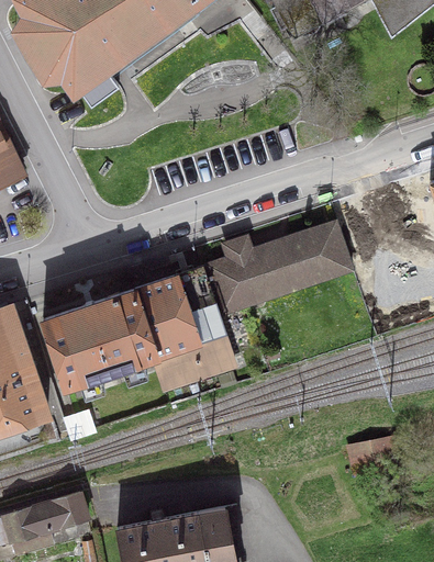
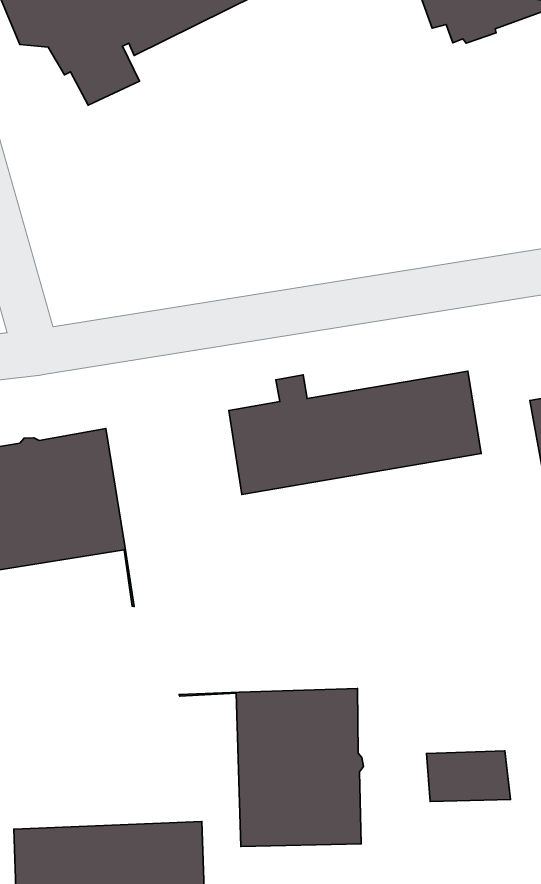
building: [132,267,234,389] -> none
building: none -> [179,688,363,847]

